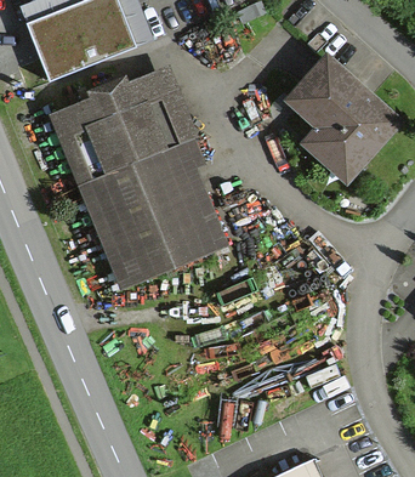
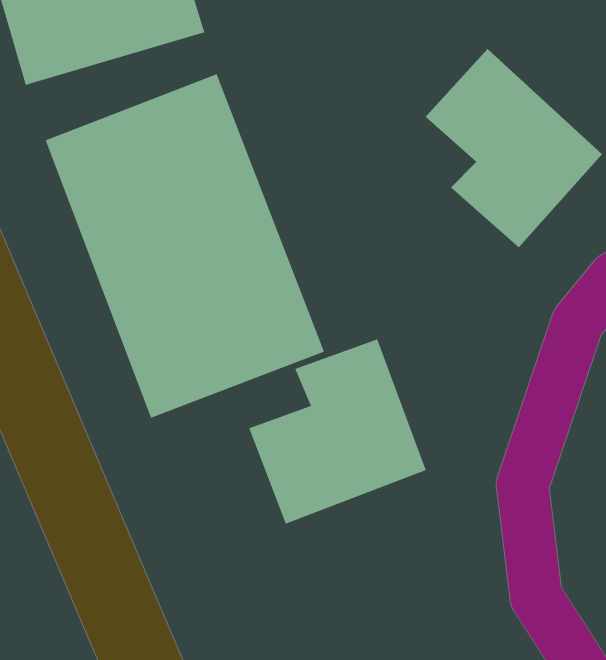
building: none -> [249,339,426,525]

